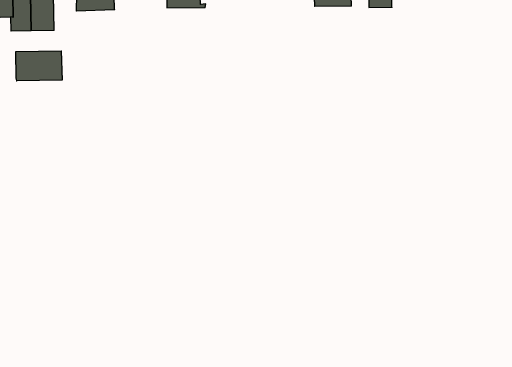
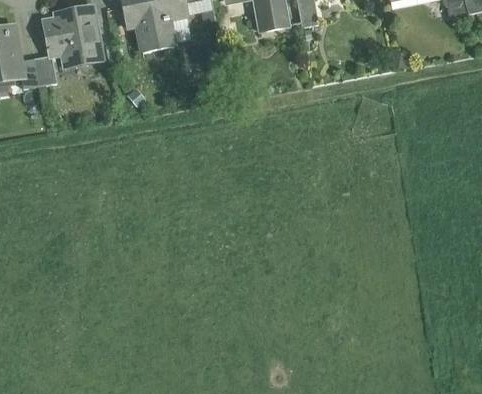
building: [16,51,62,81] -> none

